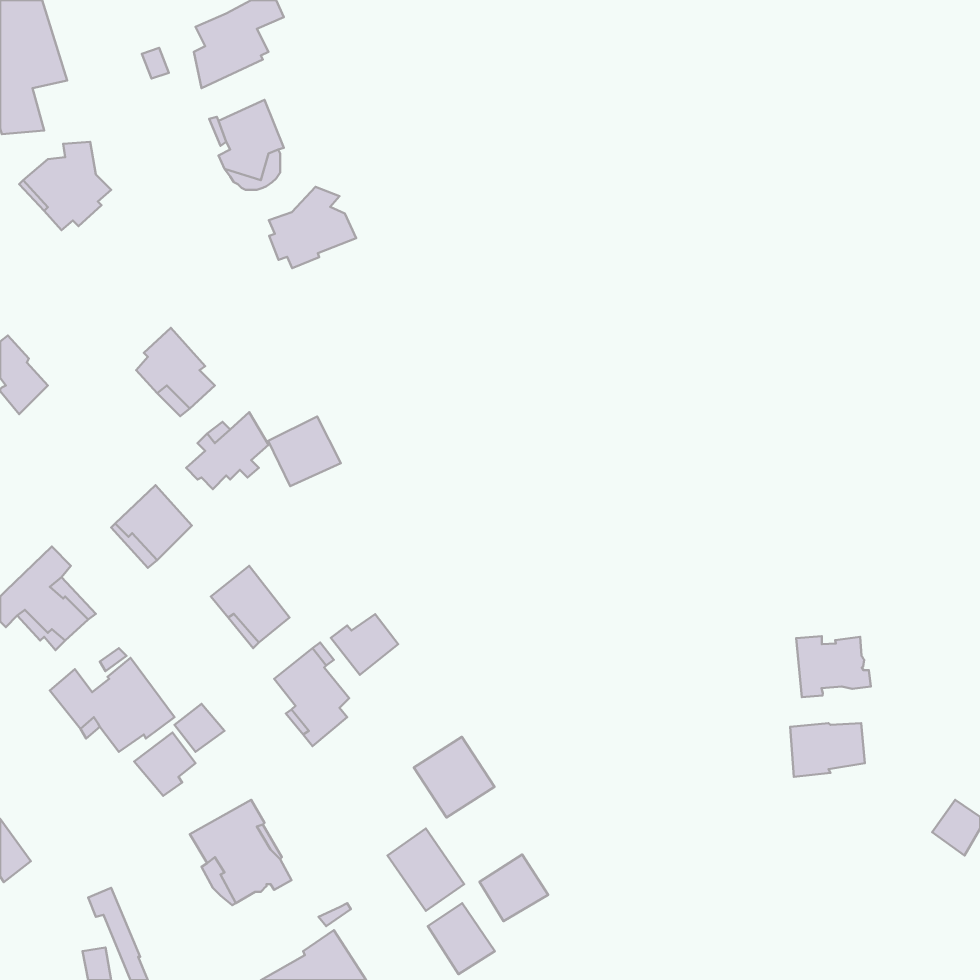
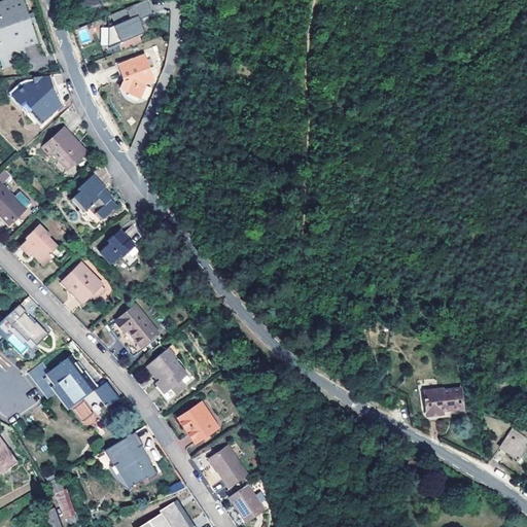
building: [269,187,356,268] -> none
building: none -> [41,129,84,169]
building: none -> [20,223,56,265]
building: [268,416,341,486] -> none
building: [331,614,398,675] -> none
building: [796,636,871,697] -> none
building: [414,737,495,817] -> [177,401,220,445]
building: [479,855,548,921] -> none

